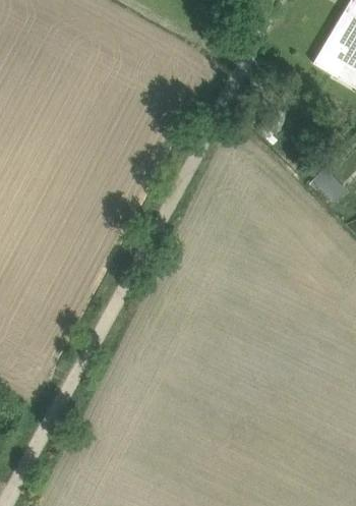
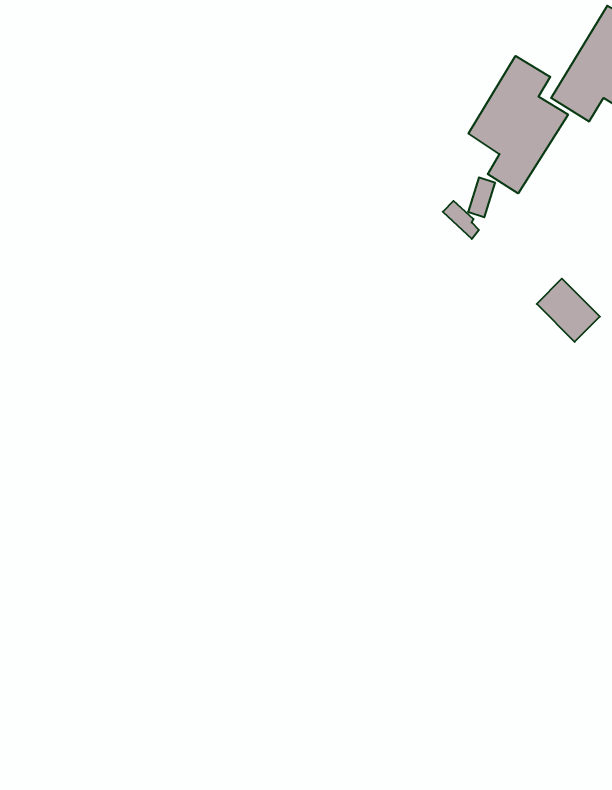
building: none -> [468,56,568,193]

